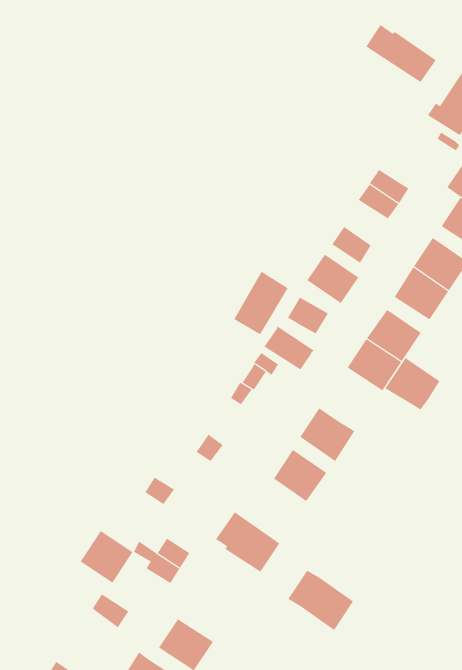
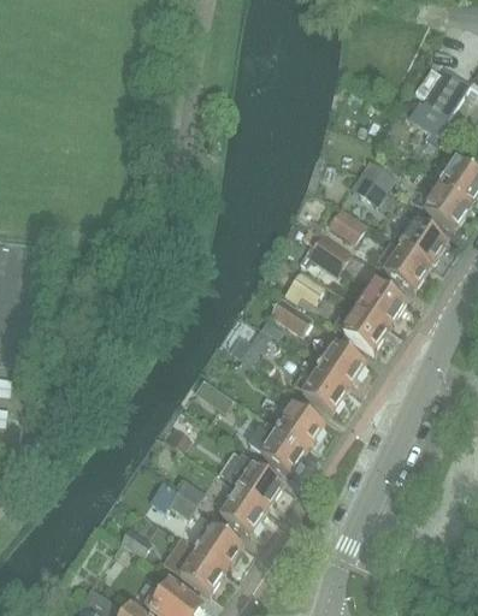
building: [366,24,436,83] -> none
building: [233,271,289,335] -> none
building: [385,358,440,410] -> [315,340,364,386]
building: [80,530,133,584] -> none
building: none -> [217,488,265,534]
building: [287,570,354,631] -> [247,420,305,473]
building: none -> [193,522,241,569]

